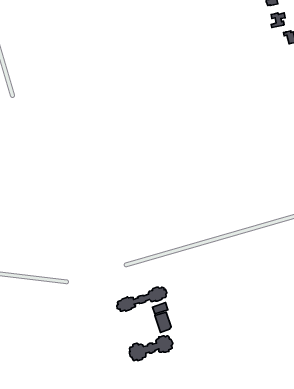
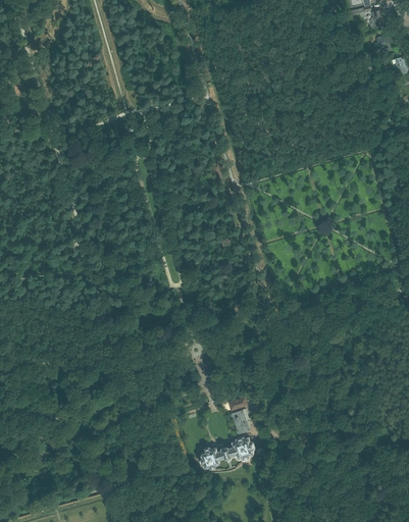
building: [117,287,167,311] -> none

